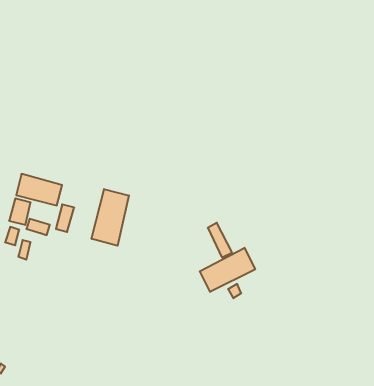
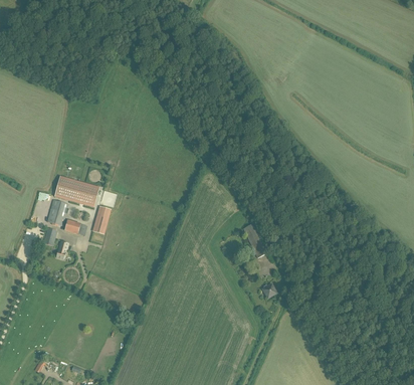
building: [92,189,129,246] -> none
building: [200,248,255,292] -> none

